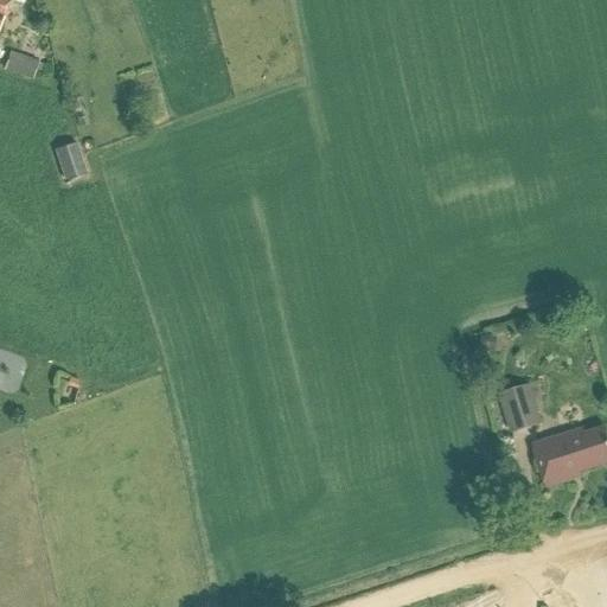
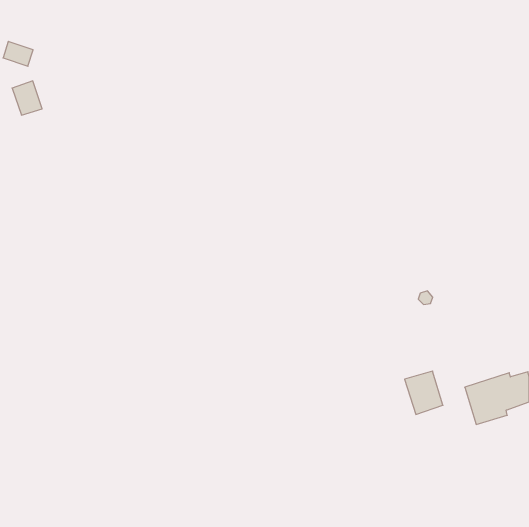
building: [52,140,87,179] -> [12,81,42,115]
building: [498,382,542,432] -> [405,371,443,414]

